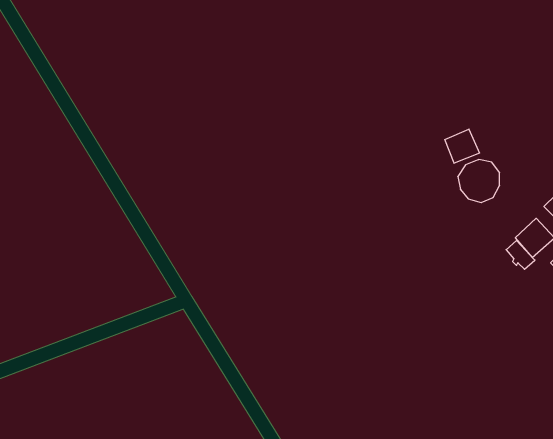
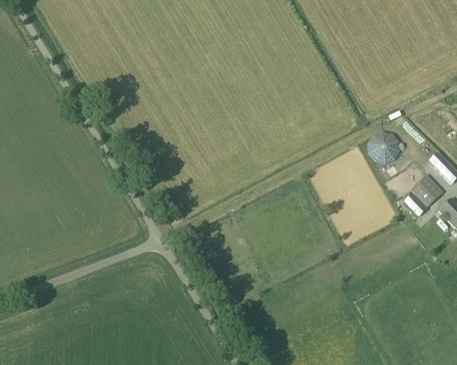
building: [445,129,479,163] -> none

